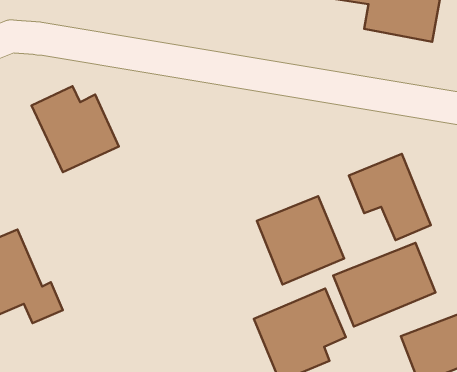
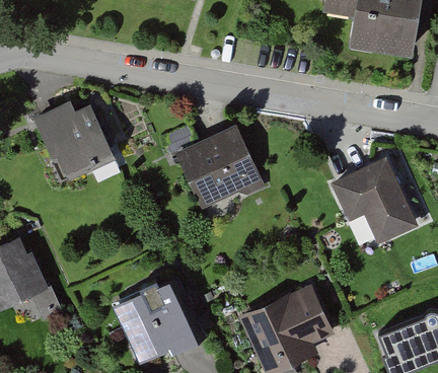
building: [257,196,344,284] -> [178,124,261,207]
building: [333,243,436,326] -> none
building: none -> [120,283,204,359]

